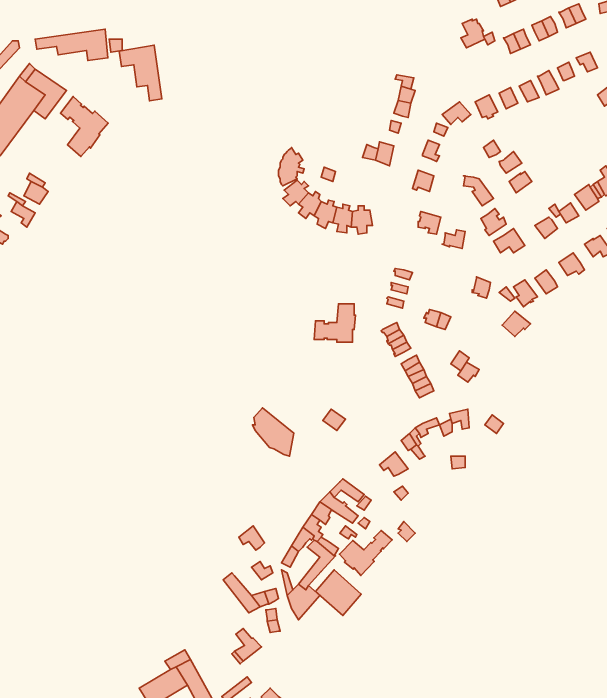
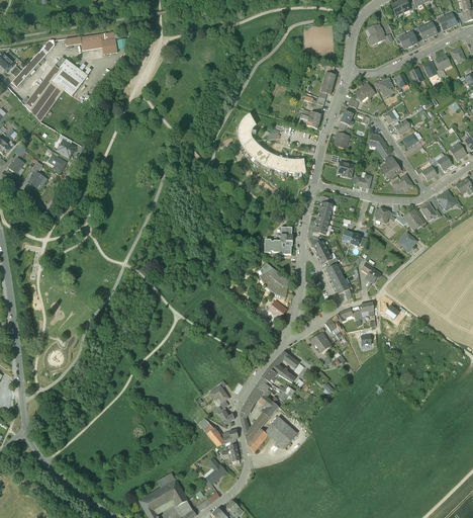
building: [119,45,162,101] -> none
building: [61,96,108,157] -> none
building: [252,408,294,456] -> [259,262,288,296]
building: [340,530,392,575] -> none

